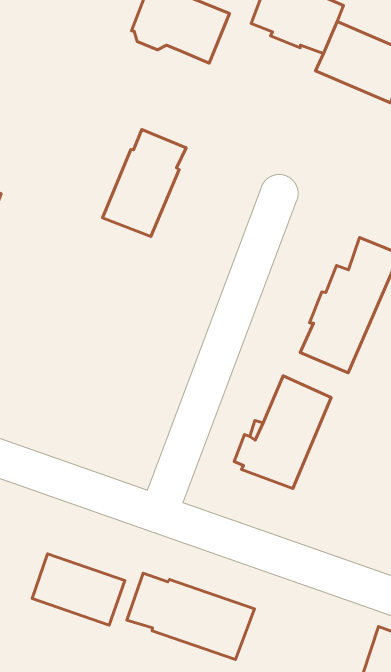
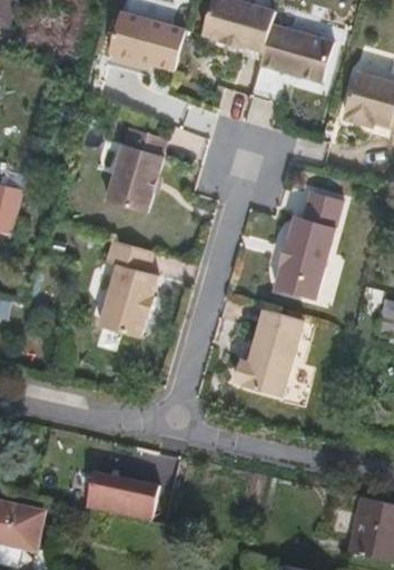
building: none -> [97,238,156,336]
building: [127,573,254,659] -> none

